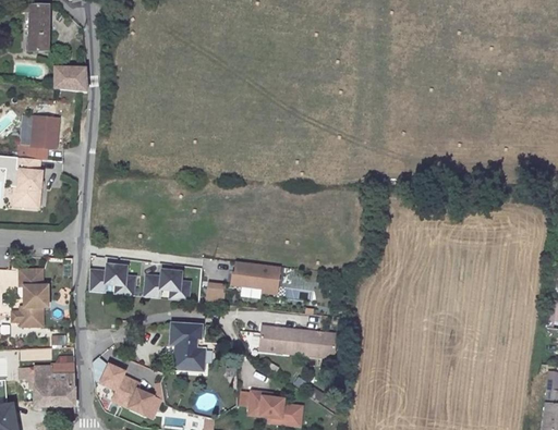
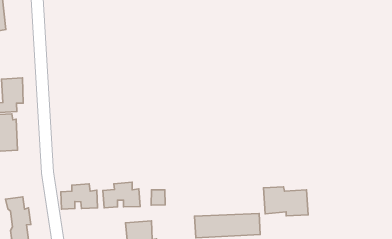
building: [53,66,85,91] -> none
building: [232,261,280,294] -> none
building: none -> [263,187,308,216]

